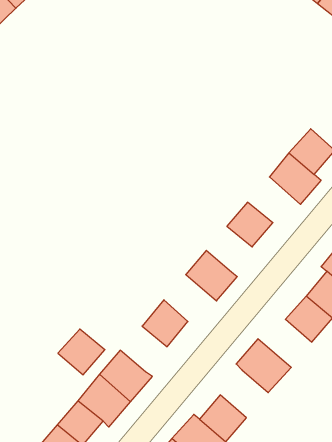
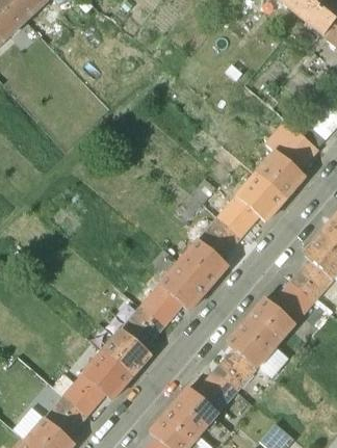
building: none -> [236,173,284,219]
building: none -> [199,217,240,259]
building: none -> [160,261,208,309]
building: none -> [245,297,294,345]
building: [58,329,105,375] -> [121,308,163,349]
building: none -> [211,347,255,391]

